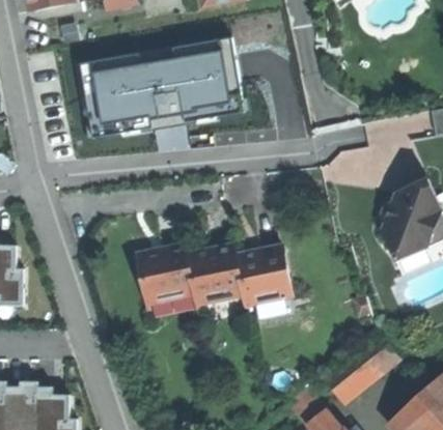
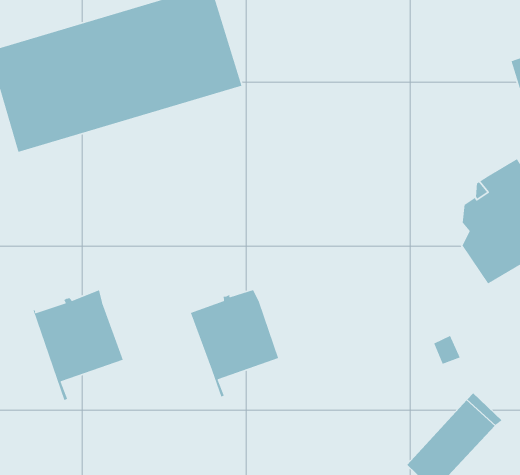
building: [234,246,292,316] -> none
building: [137,247,195,320] -> [32,289,124,401]

